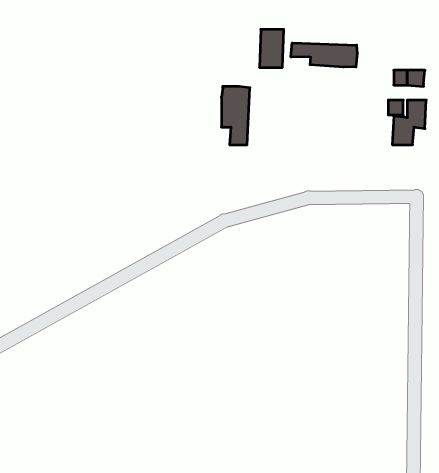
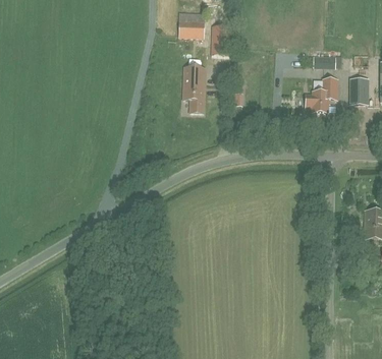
building: none -> [178,19,204,37]
building: [291,43,357,67] -> none

